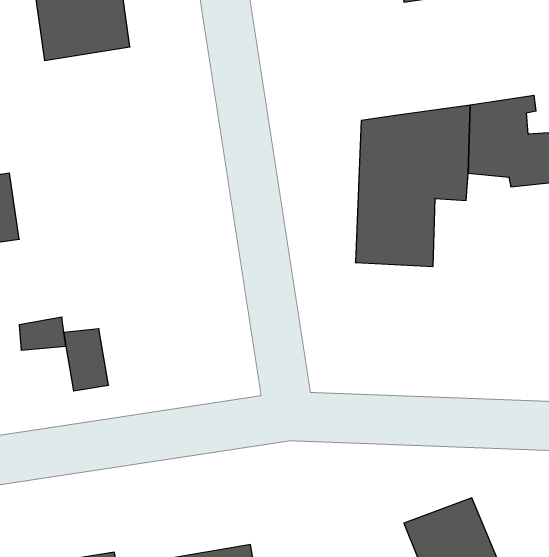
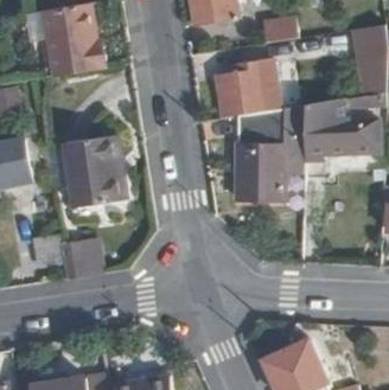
building: none -> [215,68,263,117]
building: none -> [63,136,120,207]

